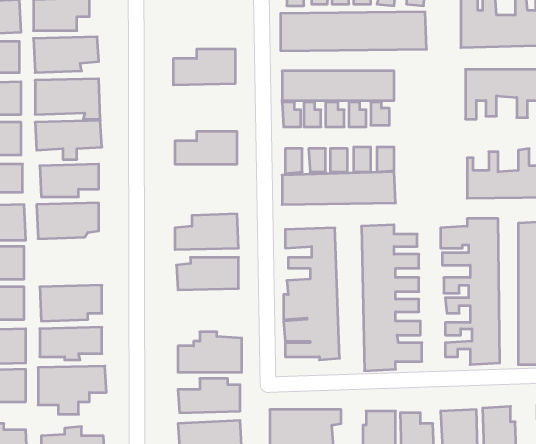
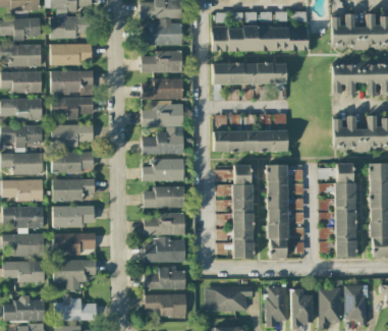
building: none -> [137,22,182,47]
building: none -> [141,78,183,101]
building: none -> [144,127,184,153]
building: none -> [54,179,96,202]
building: none -> [145,212,184,235]

